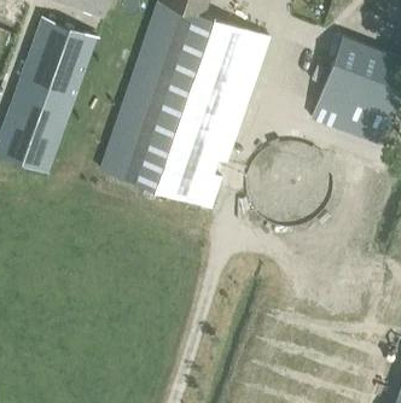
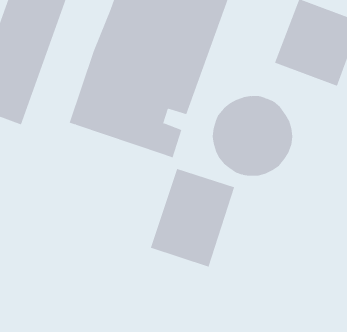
building: none -> [150,168,235,268]

